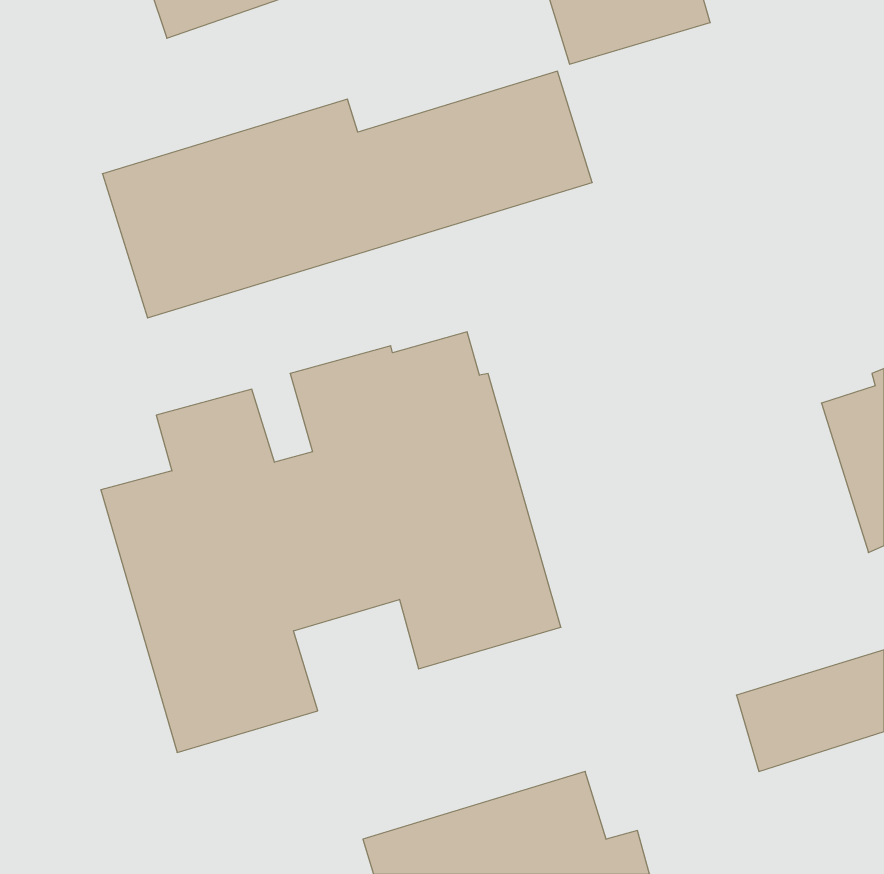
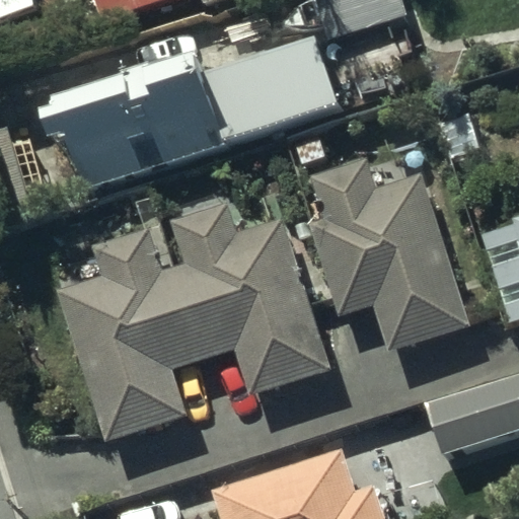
building: none -> [309,143,466,351]

